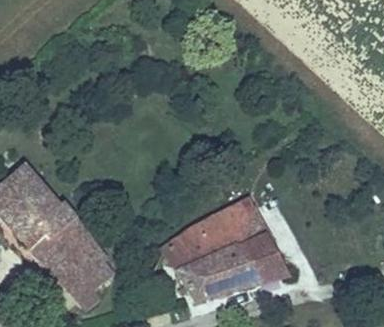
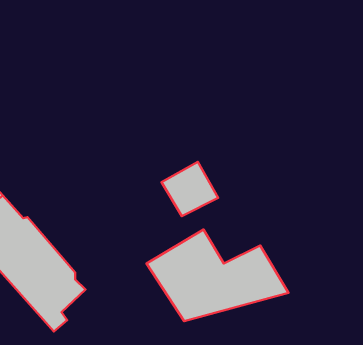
building: [215,200,265,248] -> [162,162,218,216]

